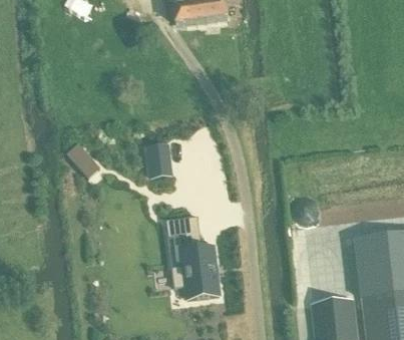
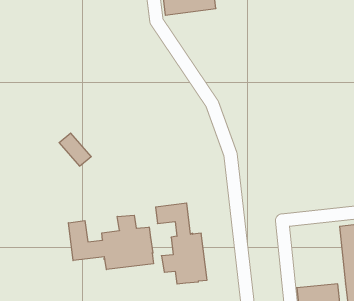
building: [148,144,171,176] -> none
building: none -> [68,215,153,270]

